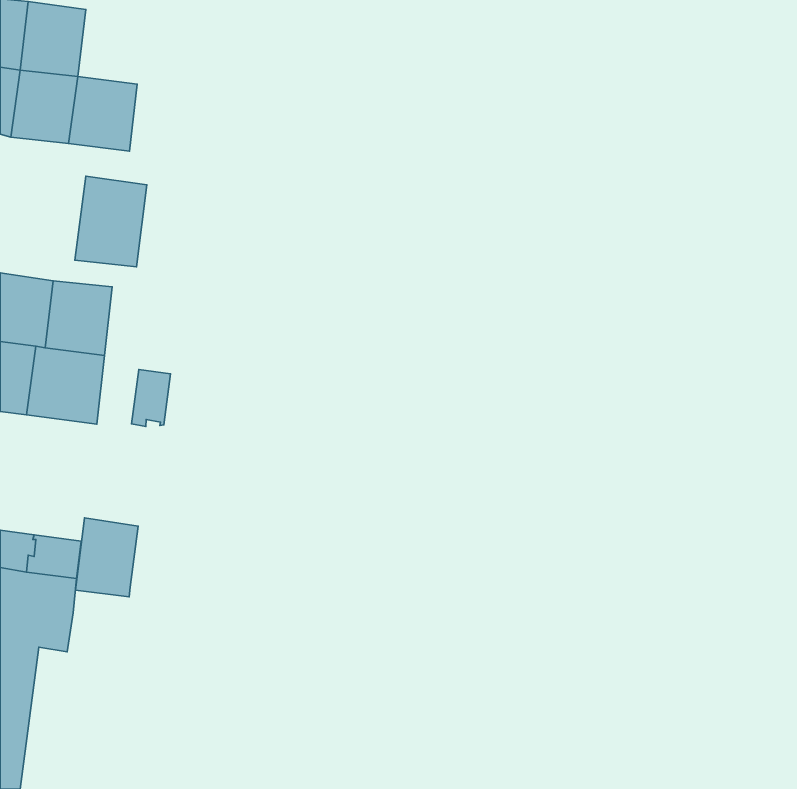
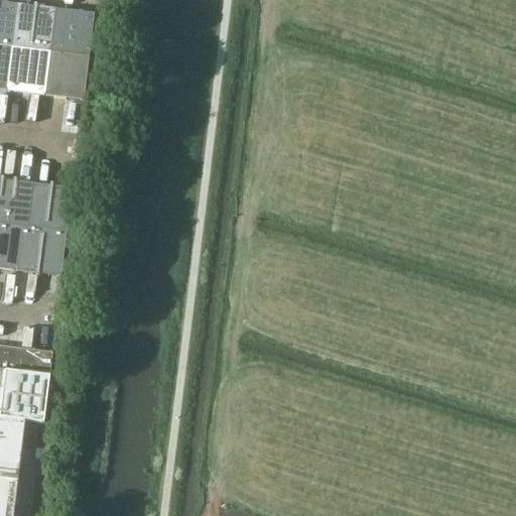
building: none -> [50,6,94,54]
building: [75,176,147,267] -> none
building: [131,369,171,426] -> none
building: [75,518,138,597] -> none

